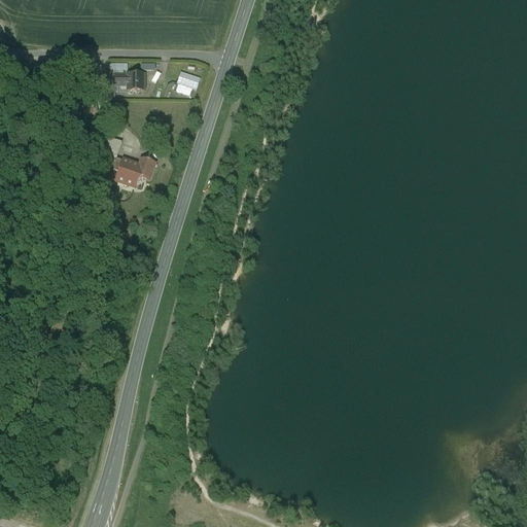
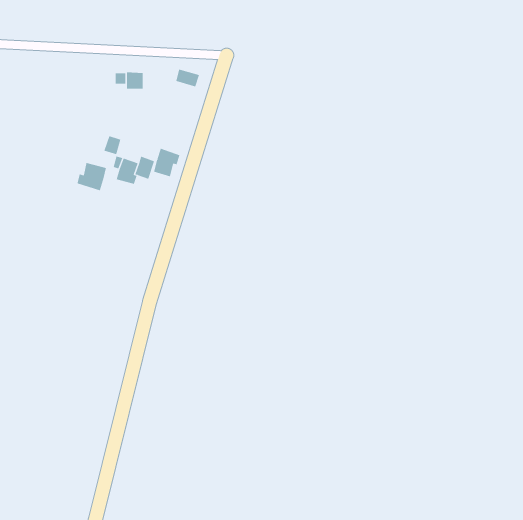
building: none -> [153,148,180,177]
building: none -> [77,162,106,191]

